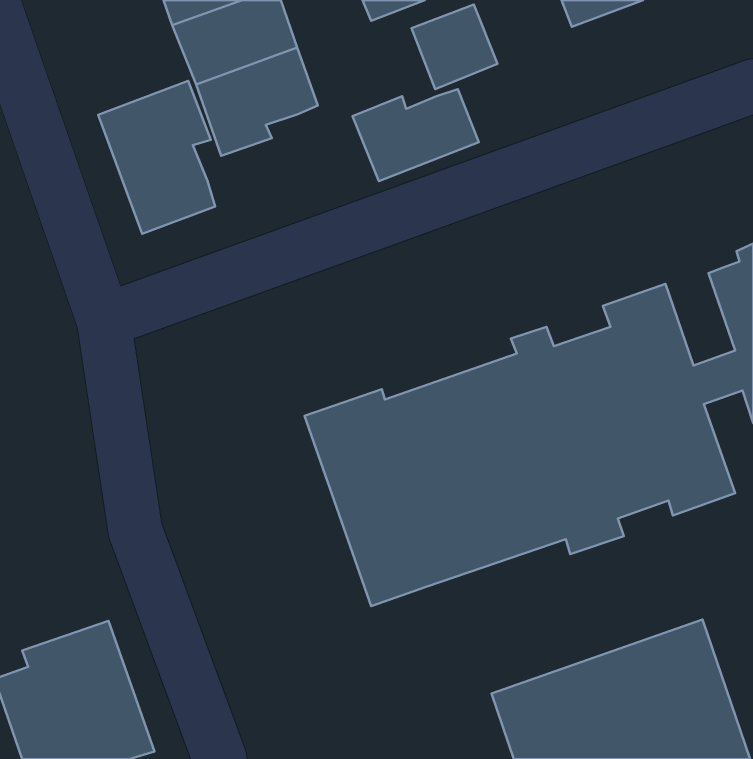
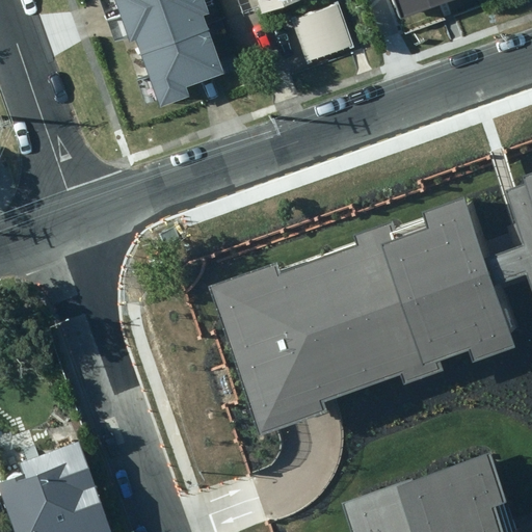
building: [98,81,215,234] -> none
building: [353,89,479,181] -> none

